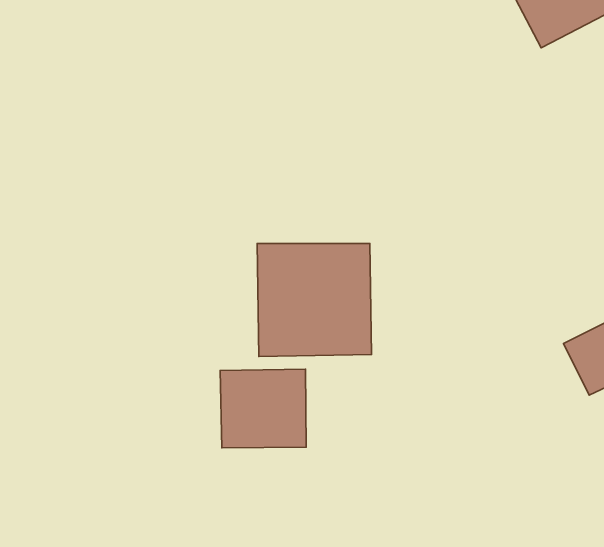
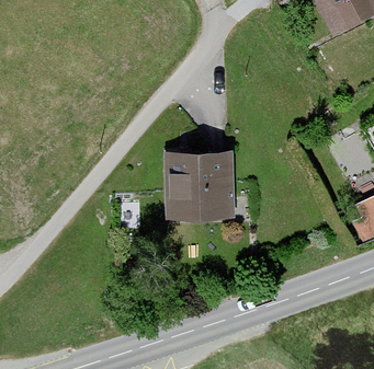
building: [220,369,306,448] -> none

